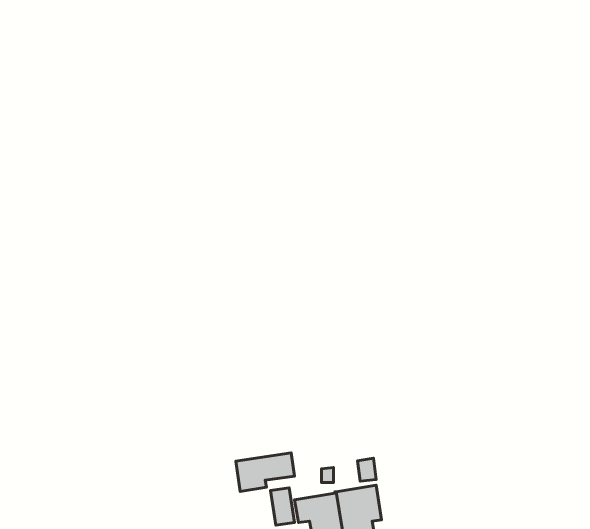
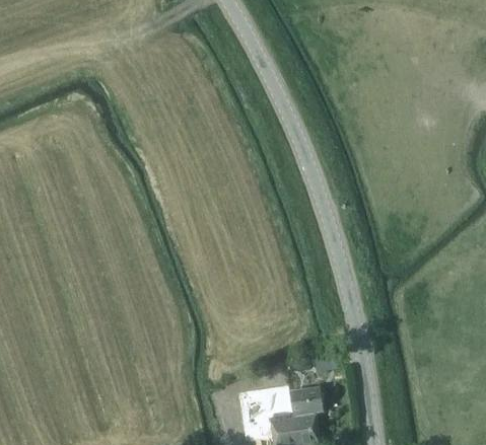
building: [236,453,295,492] -> none

